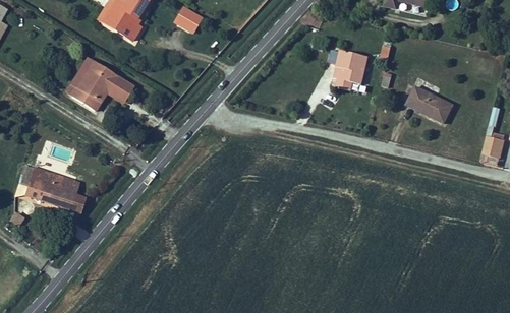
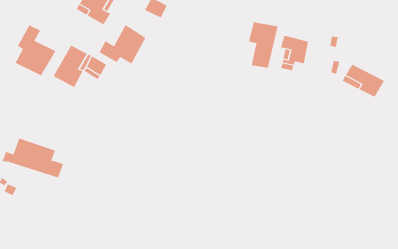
building: none -> [248,21,278,68]
building: none -> [99,24,146,65]
building: none -> [15,24,56,76]

